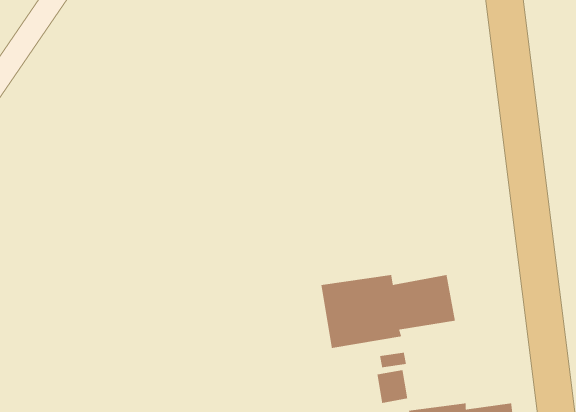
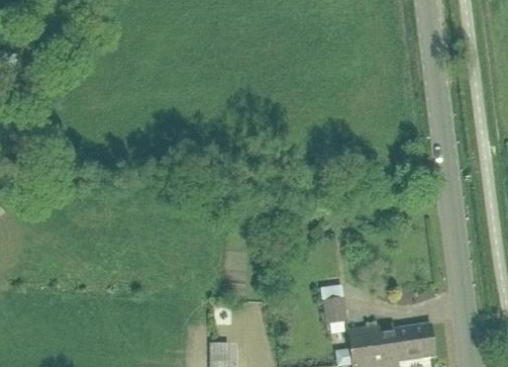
building: [321,274,456,349] -> none

